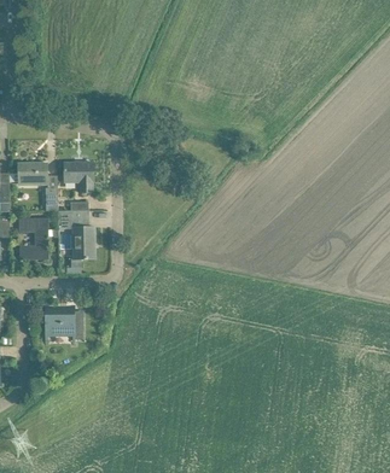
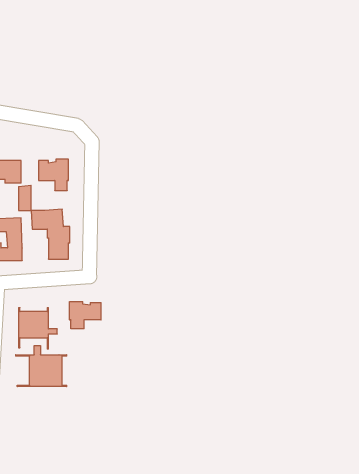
building: none -> [70,302,101,329]
building: none -> [16,346,67,387]

